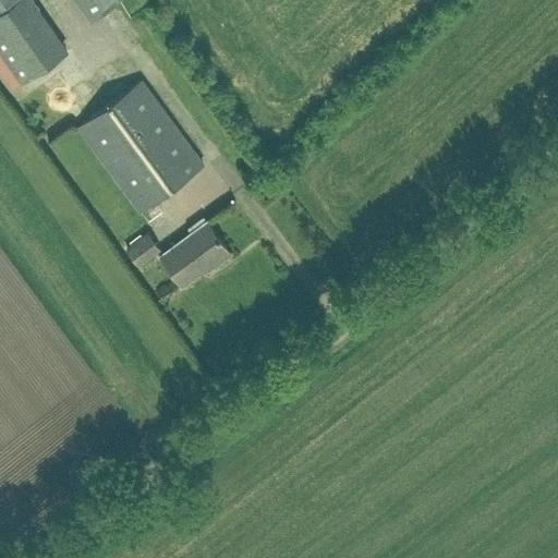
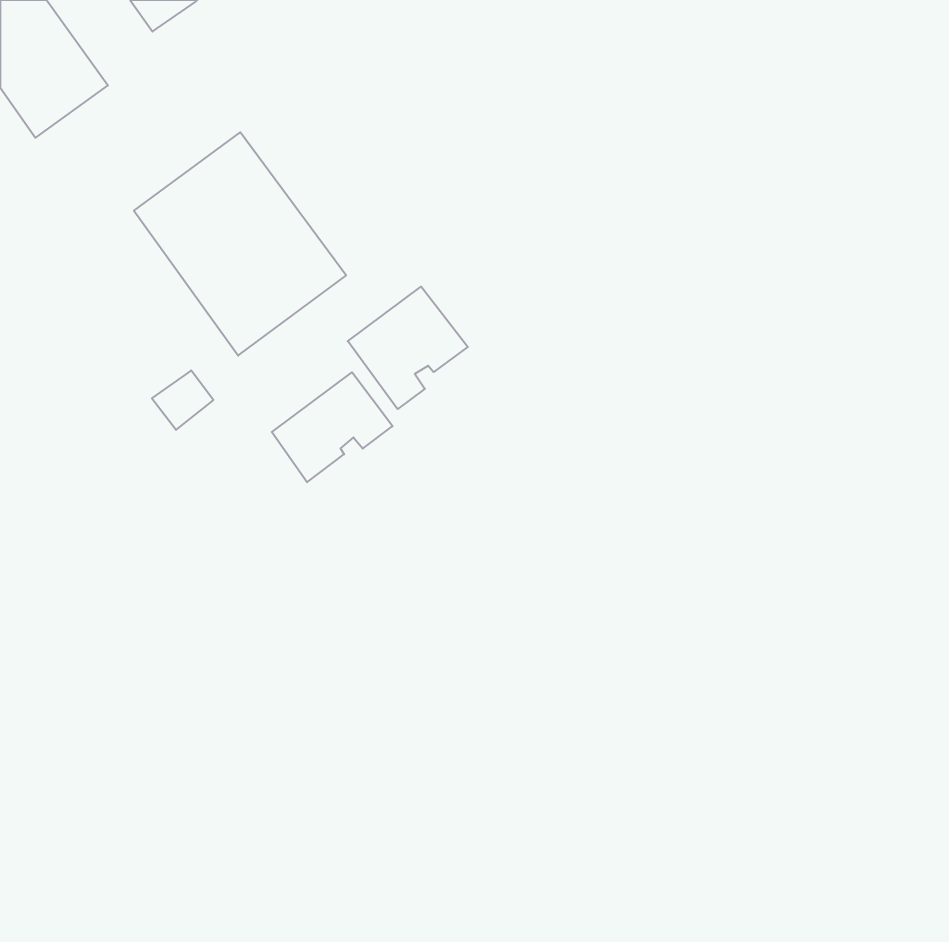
building: none -> [348,287,468,409]
building: [125,235,161,270] -> [152,370,213,430]

